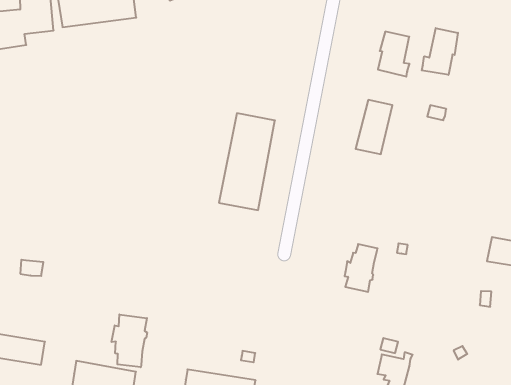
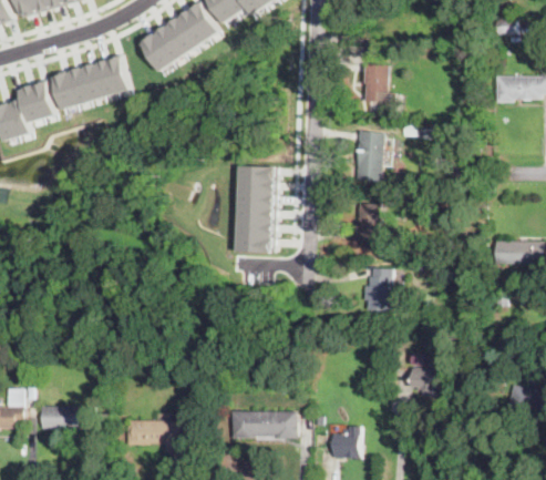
building: [422,28,458,75] -> none
building: none -> [356,204,379,243]
building: [112,314,147,367] -> none

